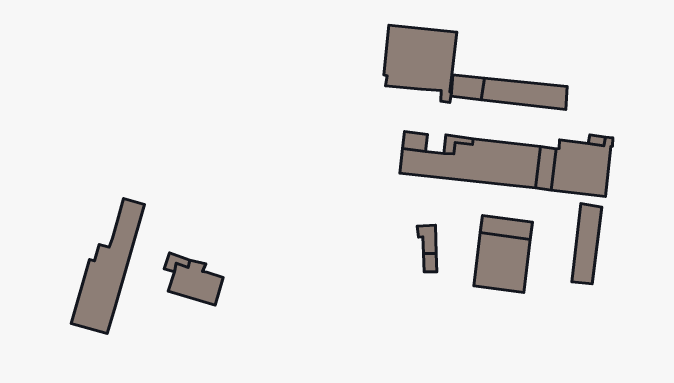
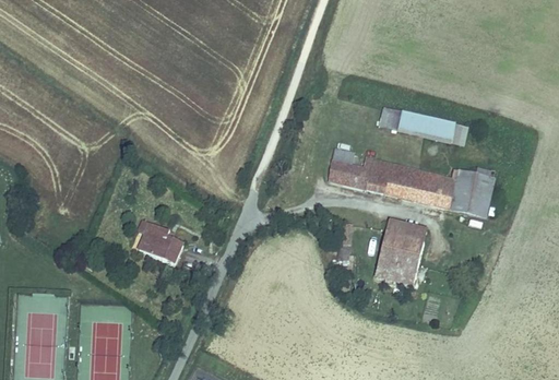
building: [384,25,457,102] -> none
building: [71,198,145,334] -> none
building: [572,204,602,284] -> none

